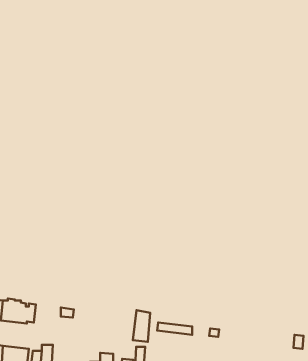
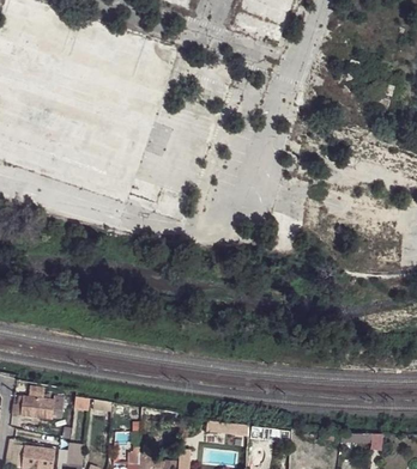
building: [133,310,150,342] -> none

